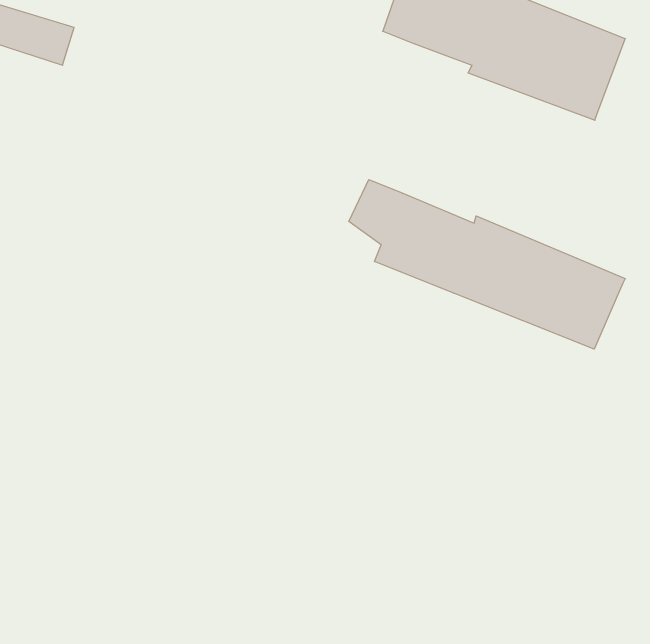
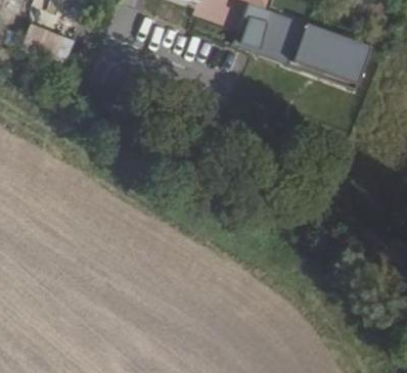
building: [349,180,625,349] -> none

